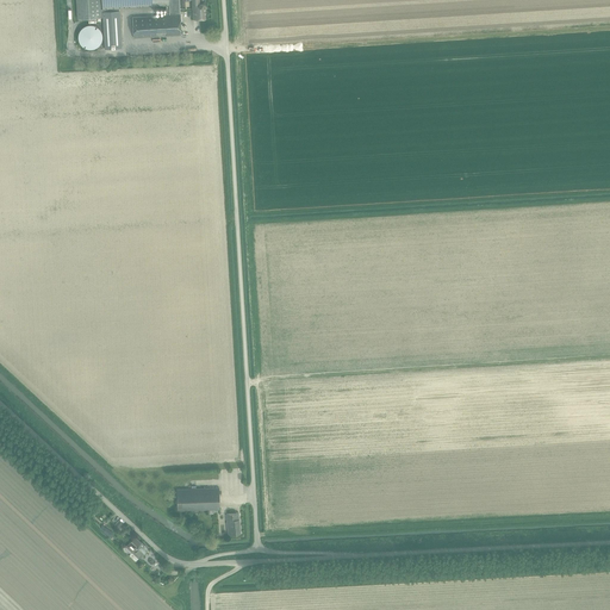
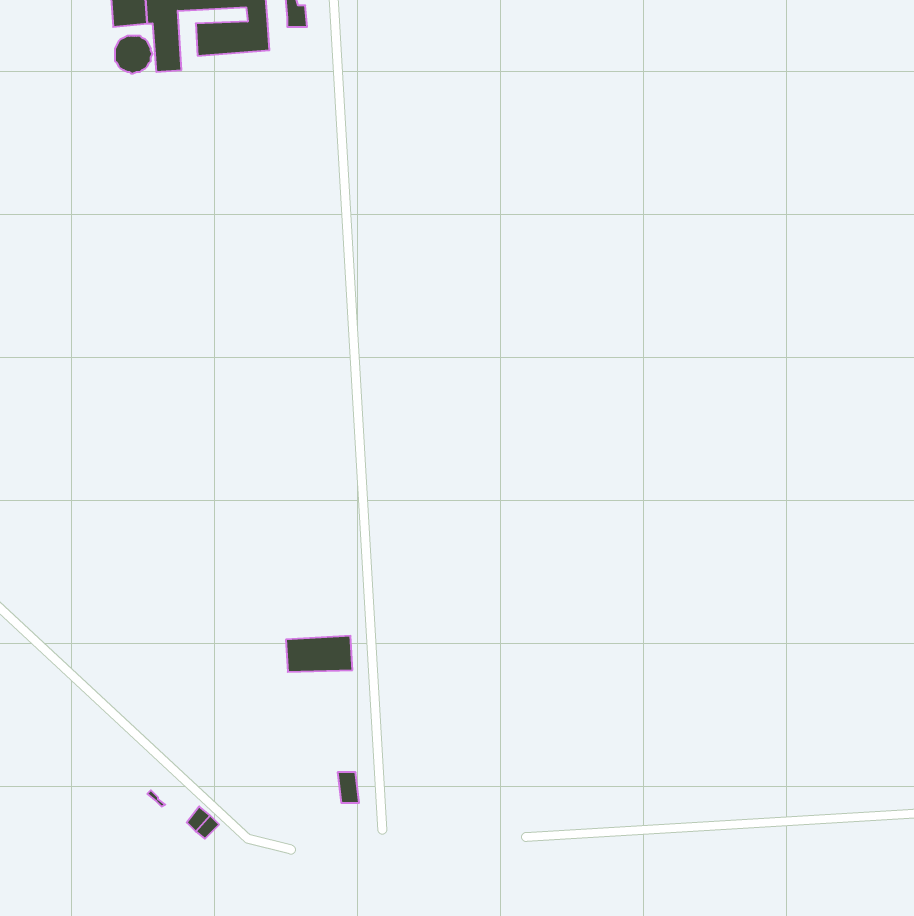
building: [174,486,218,510] -> [286,636,352,672]

